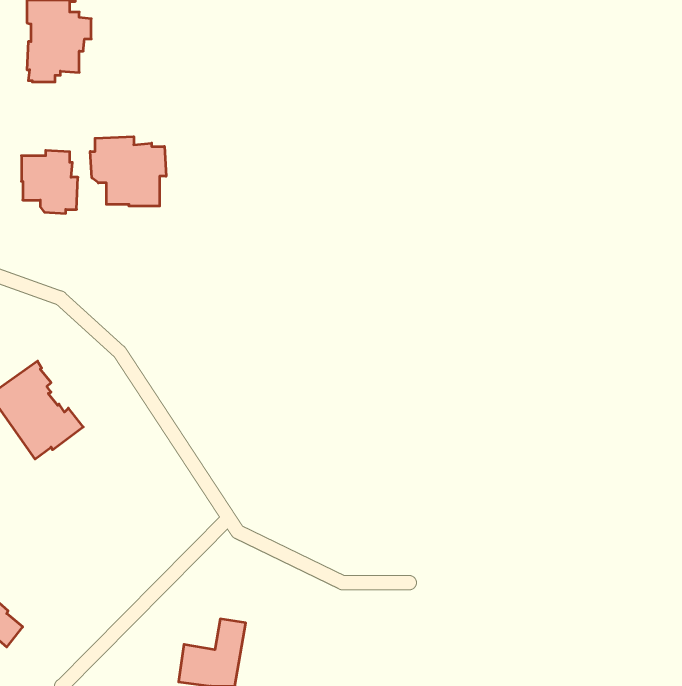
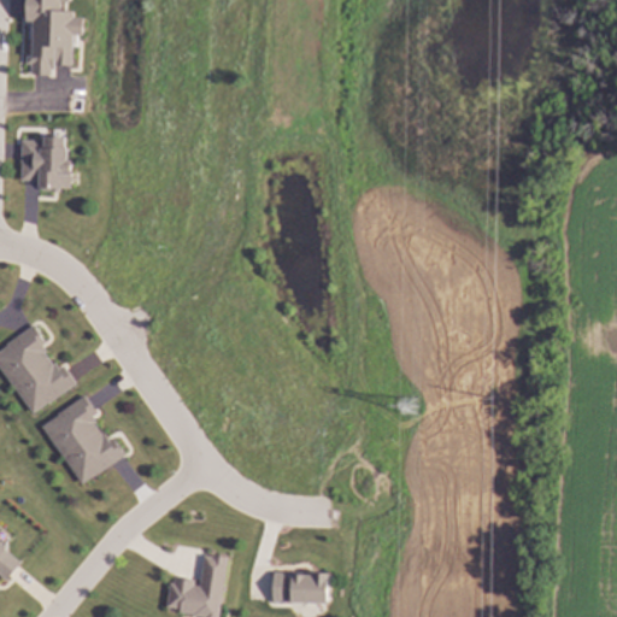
building: [90,137,166,206] -> none
building: none -> [41,394,125,483]
building: none -> [265,574,322,603]

